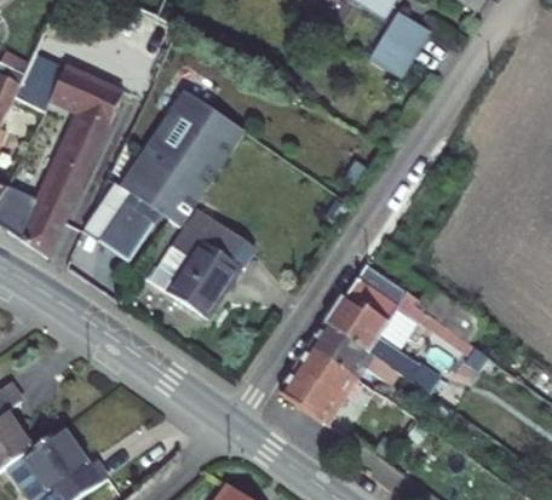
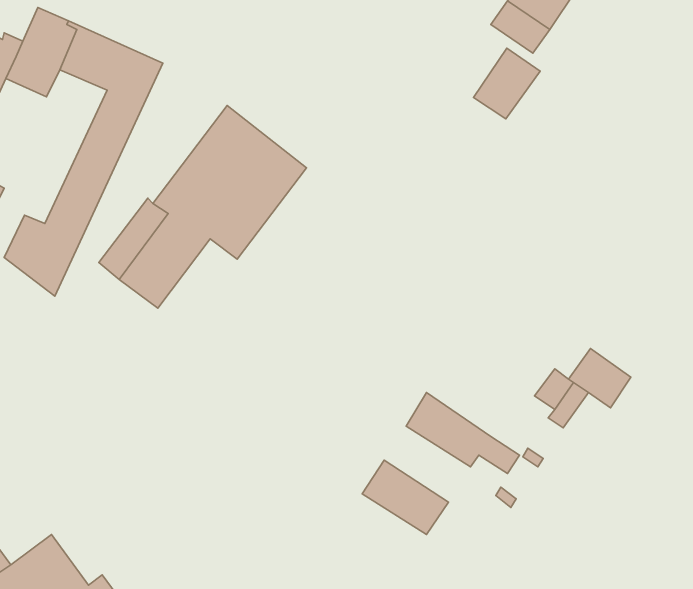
building: none -> [474,48,540,119]
building: [177,90,253,160] -> none
building: [145,213,258,326] -> none
building: [320,266,399,352] -> none
building: [289,345,351,400] -> none

